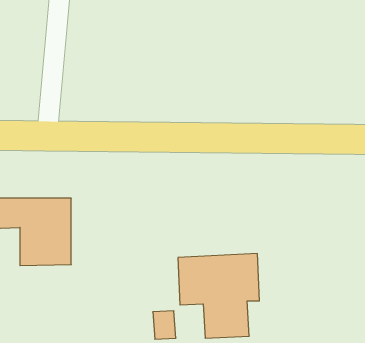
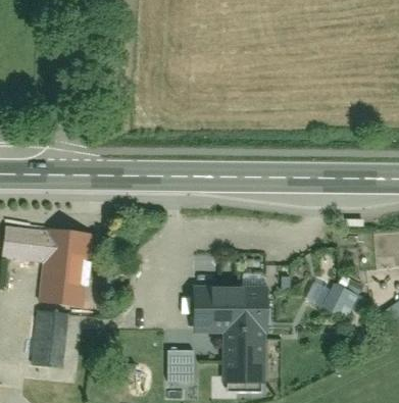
building: none -> [319,282,355,318]
building: none -> [36,312,62,366]

